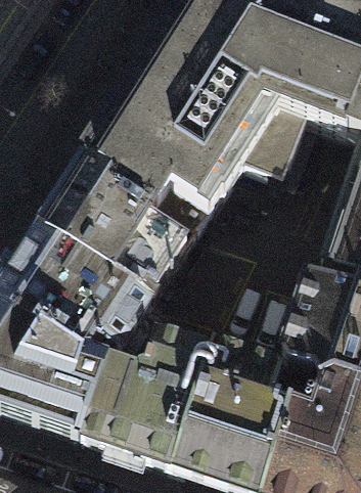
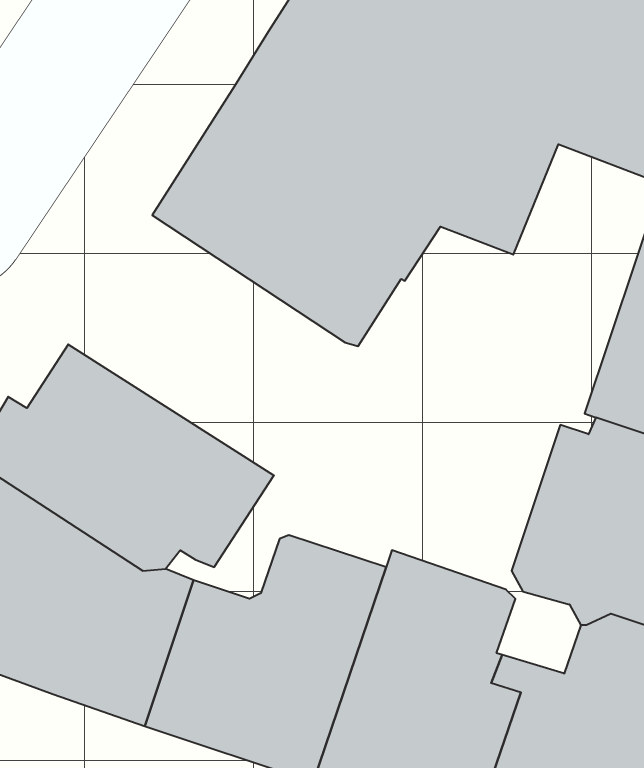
building: [40,165,198,307] -> none

